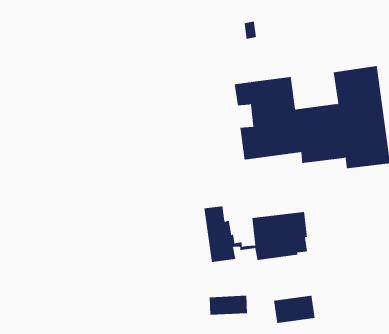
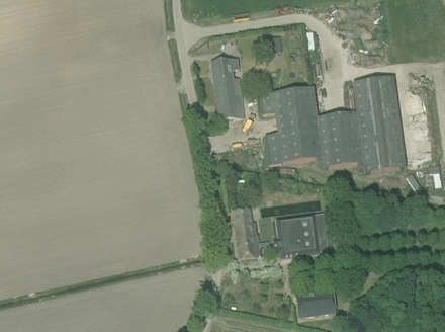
building: none -> [210,56,244,119]
building: [209,295,248,316] -> none

